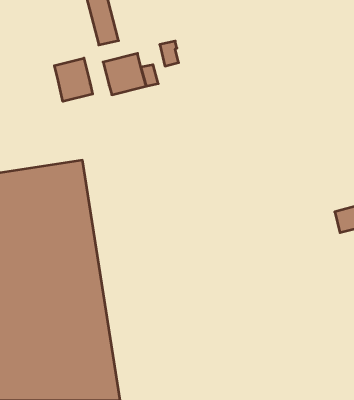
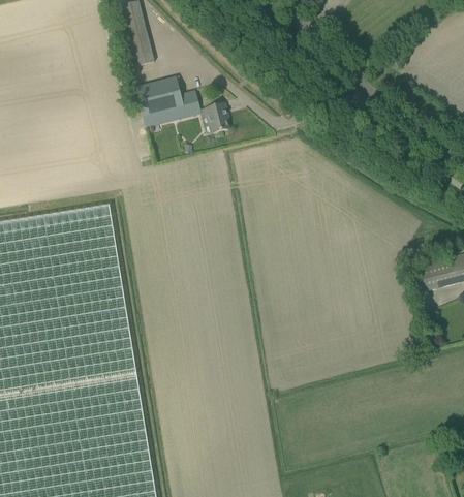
building: [160,41,179,66] -> [206,103,228,133]
building: [54,58,93,101] -> none

